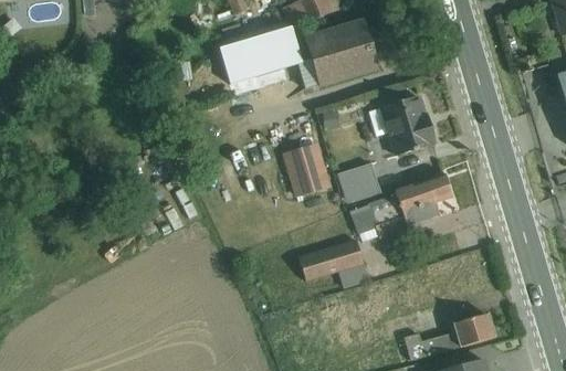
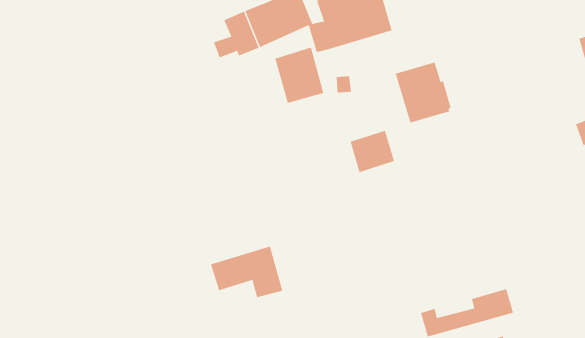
building: [283,141,331,195] -> [274,47,324,103]
building: [350,170,452,237] -> none
building: [298,237,368,287] -> [210,246,283,298]

